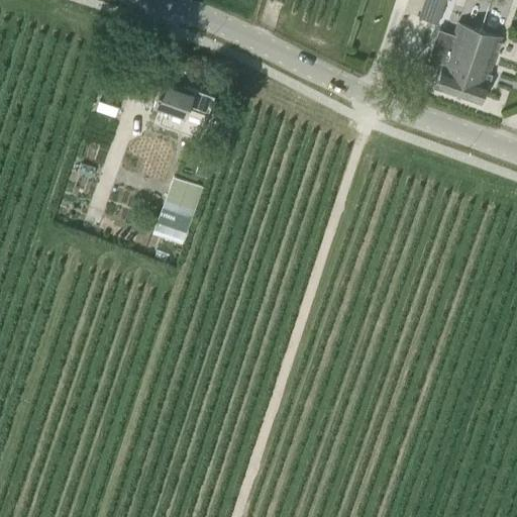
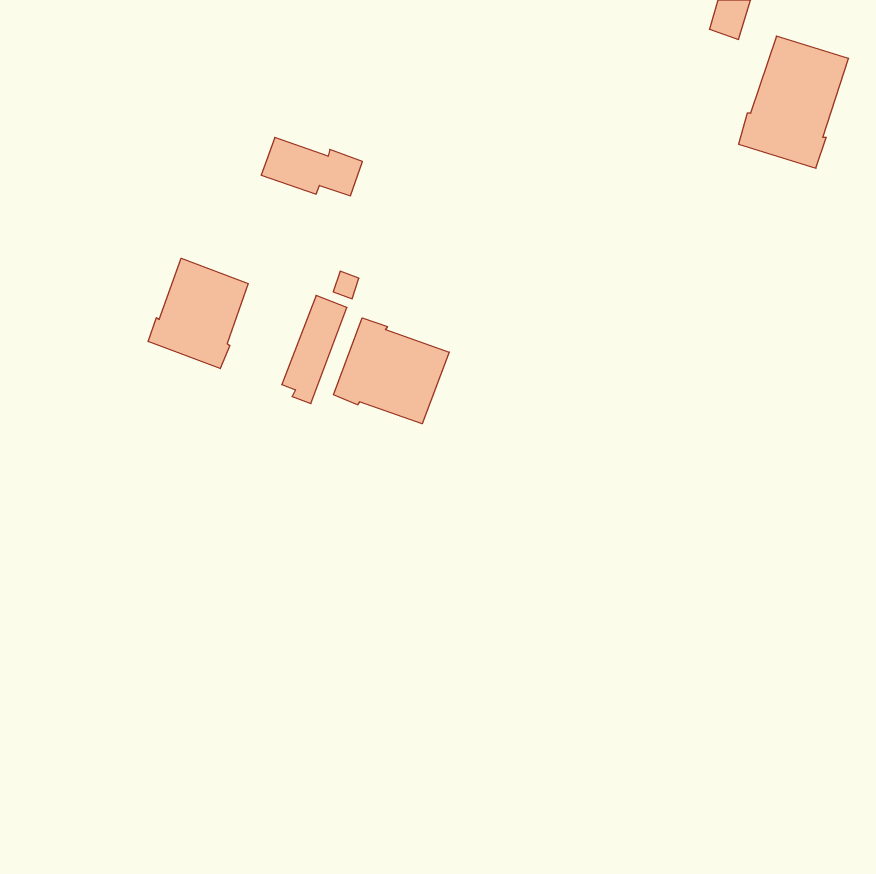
building: none -> [148,258,248,369]
building: none -> [333,318,449,424]

